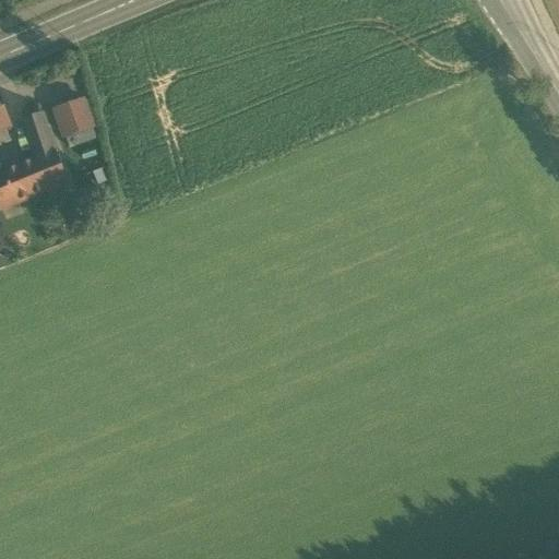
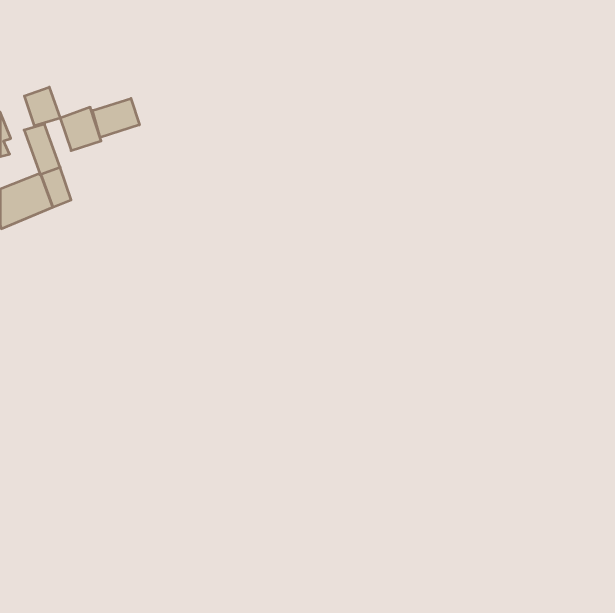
building: none -> [24,87,60,126]
building: none -> [93,98,139,138]

